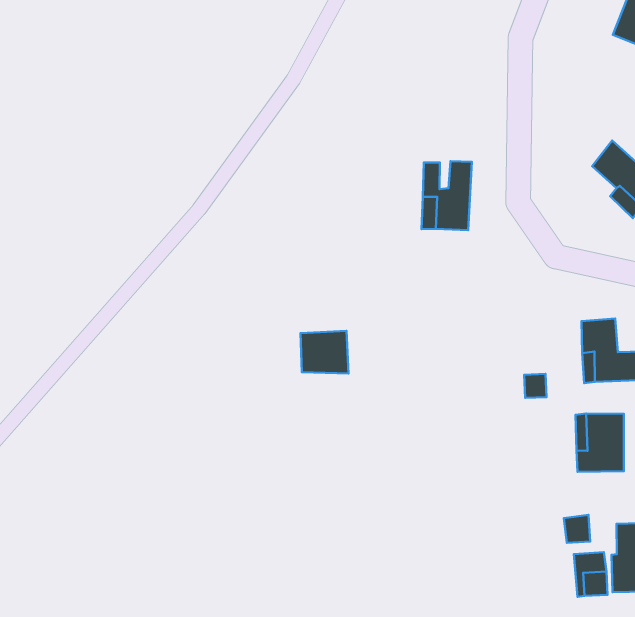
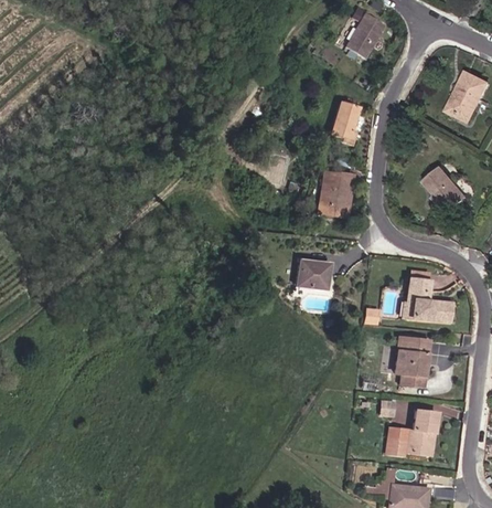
building: none -> [331,99,362,144]
building: [300,331,348,373] -> [296,260,327,288]

